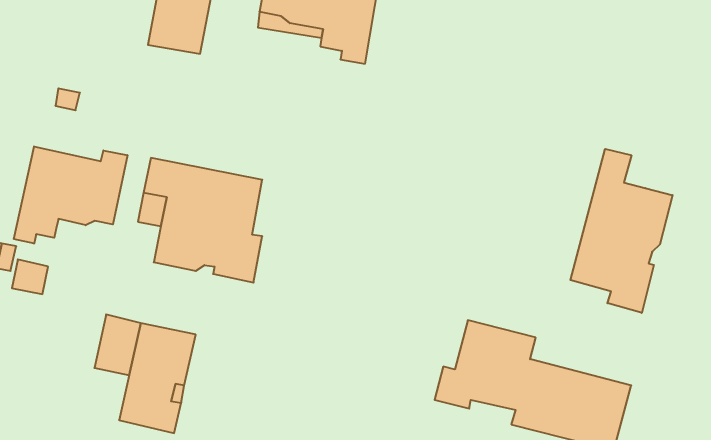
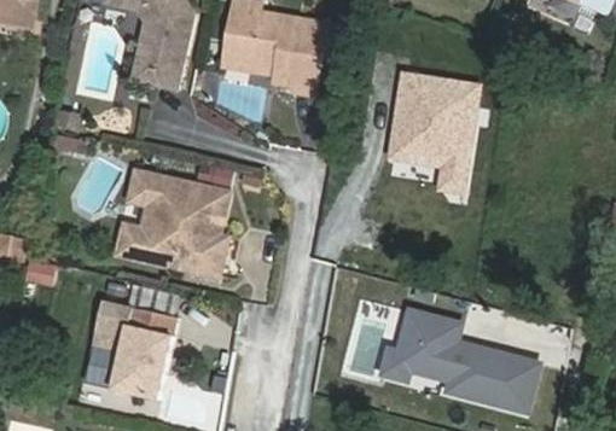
building: none -> [378,69,480,192]
building: [14,146,127,244] -> none
building: [570,149,673,313] -> none

